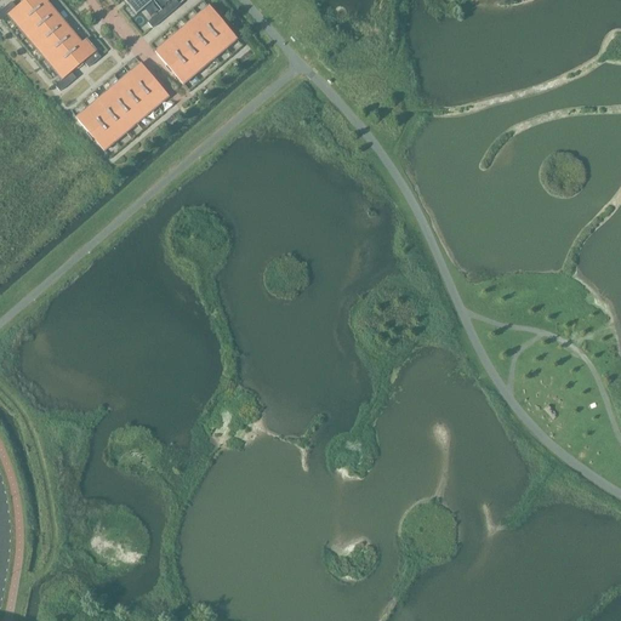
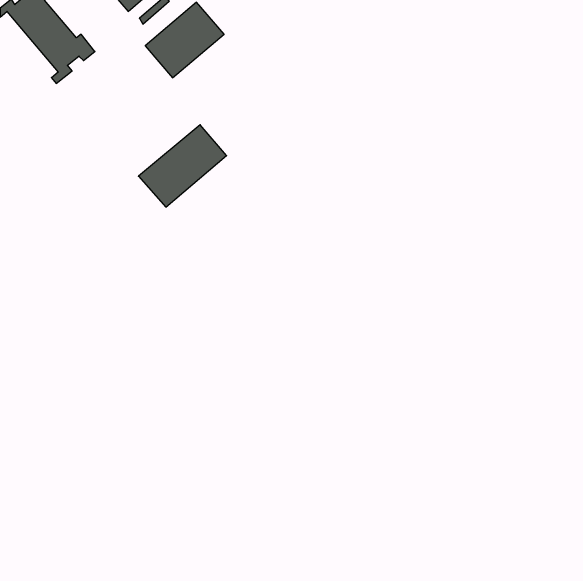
building: [76,61,170,148] -> [138,125,227,207]

